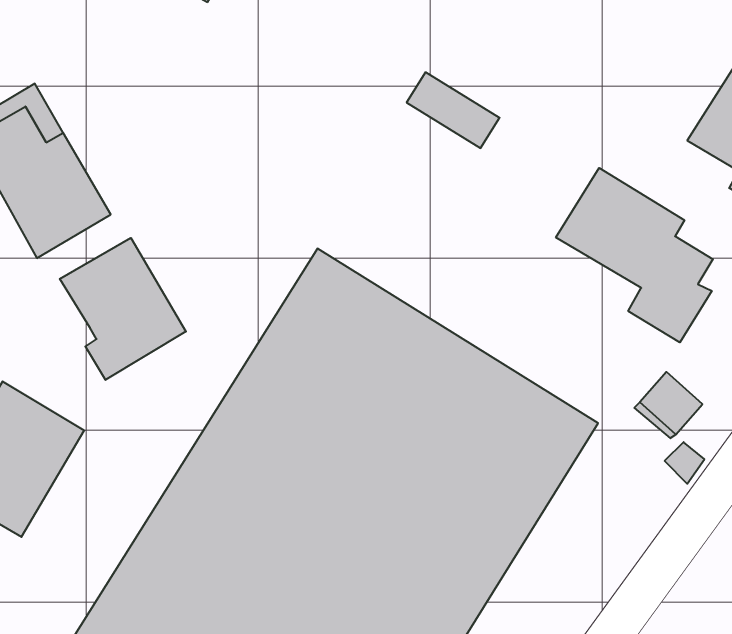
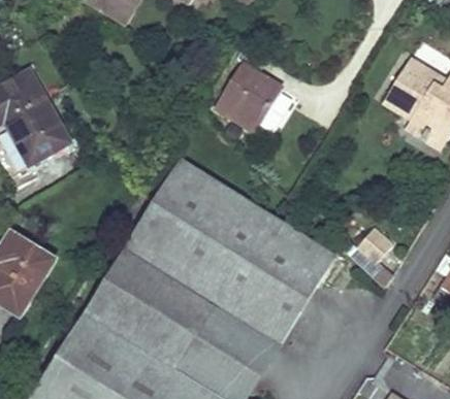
building: none -> [215,79,270,131]
building: [556,168,713,342] -> none
building: [60,238,186,380] -> none

